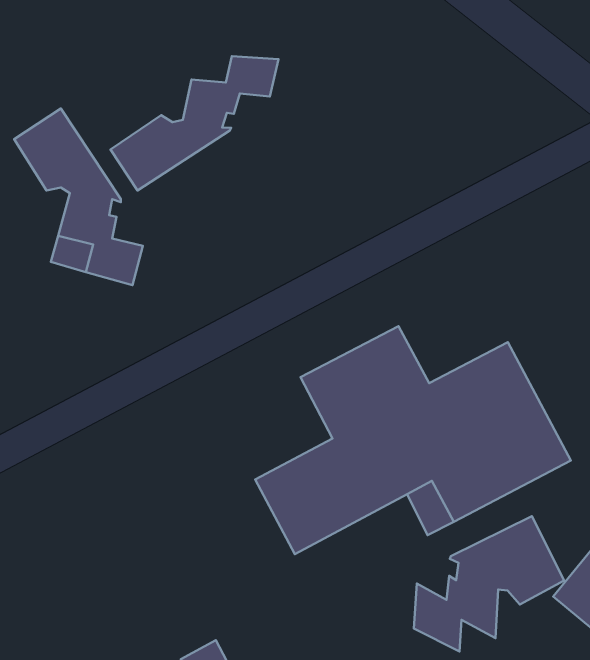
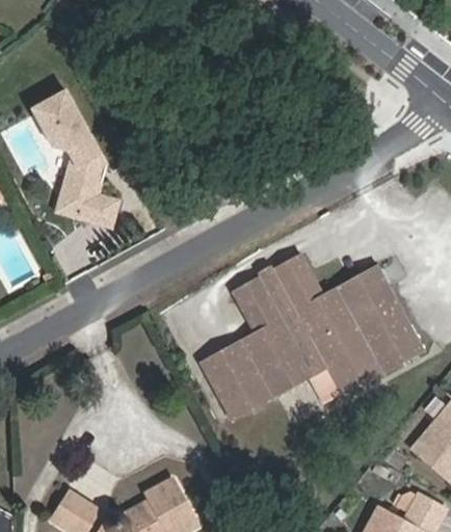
building: [111,56,278,191] -> none
building: [414,516,564,652] -> none

